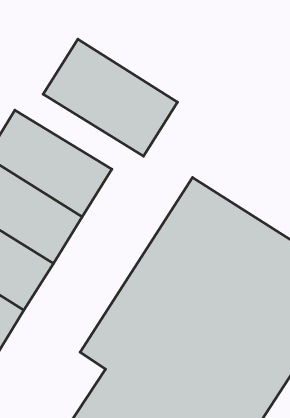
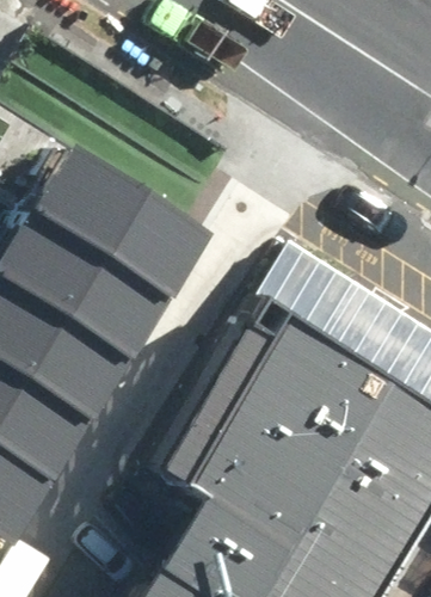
building: [43,39,177,156] -> none

